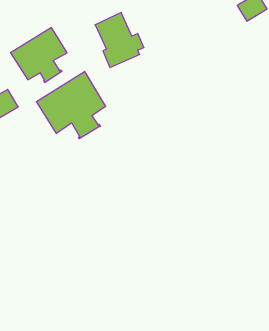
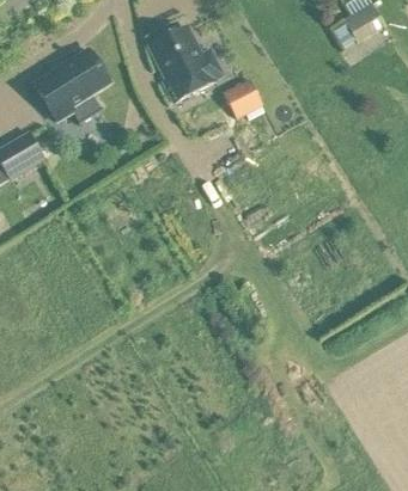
building: none -> [224,78,263,117]
building: [36,71,106,139] -> none

